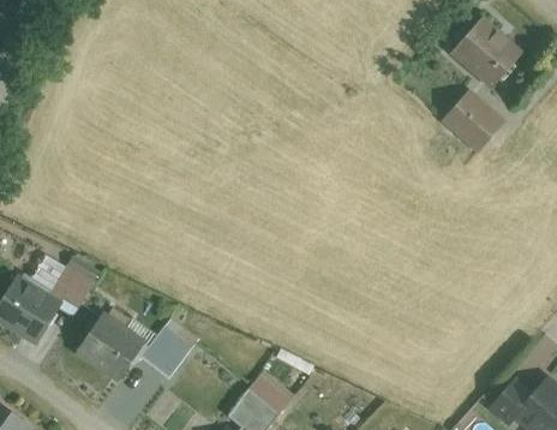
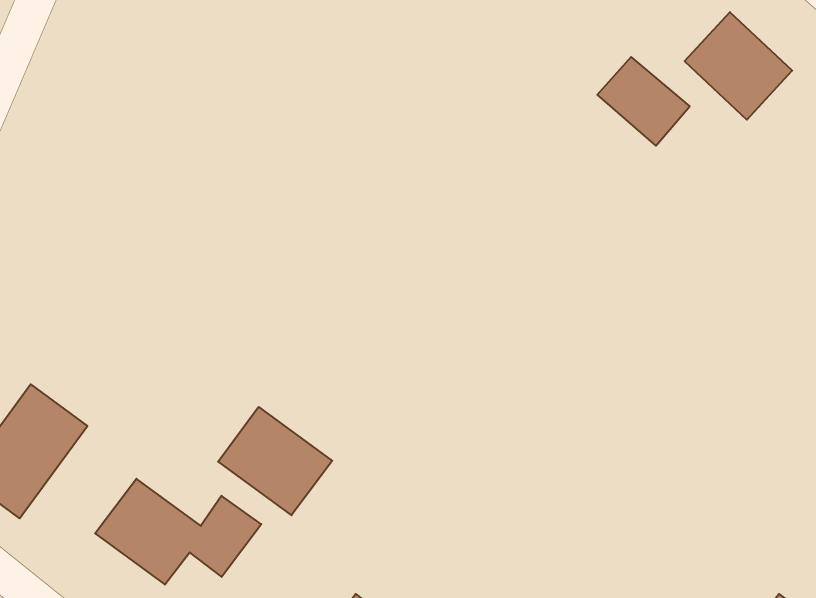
building: [439,91,498,148] -> [597,57,690,146]
building: none -> [218,407,332,515]

